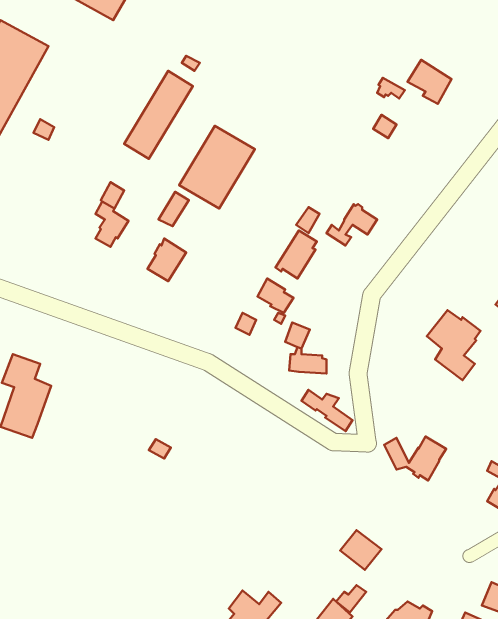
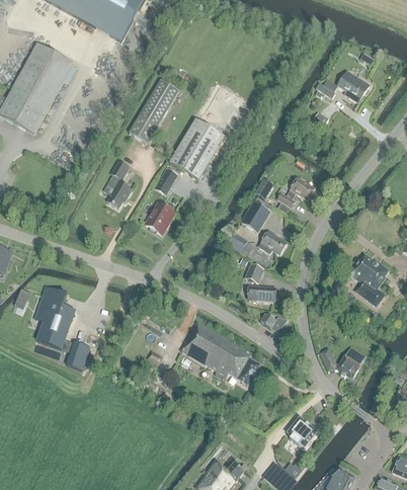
building: none -> [258,228,287,254]
building: none -> [182,321,260,386]
building: none -> [61,338,90,369]

